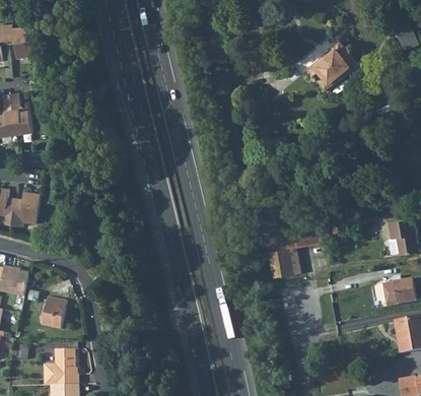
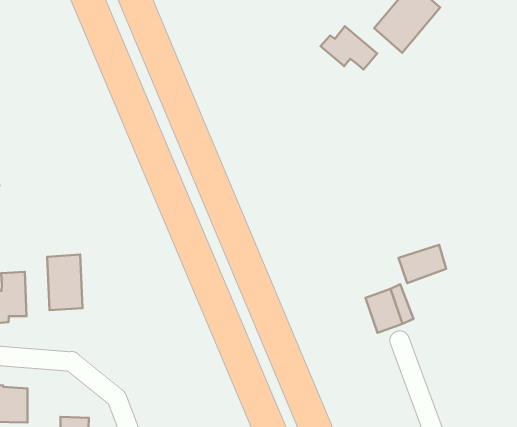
building: none -> [320,26,377,70]
building: none -> [47,255,83,310]

